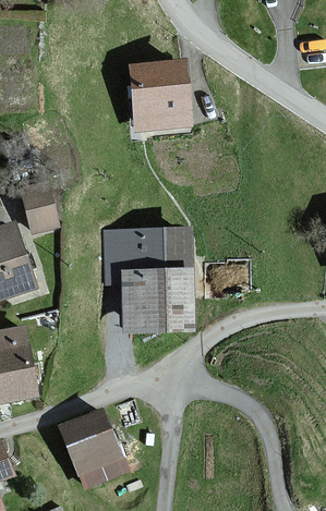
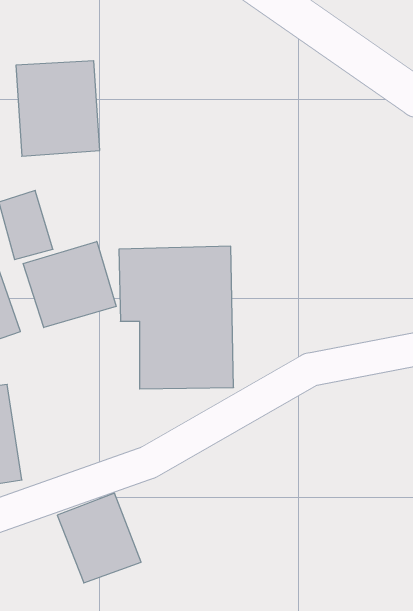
building: [126,59,189,130] -> [16,61,100,156]
building: none -> [23,241,116,328]

